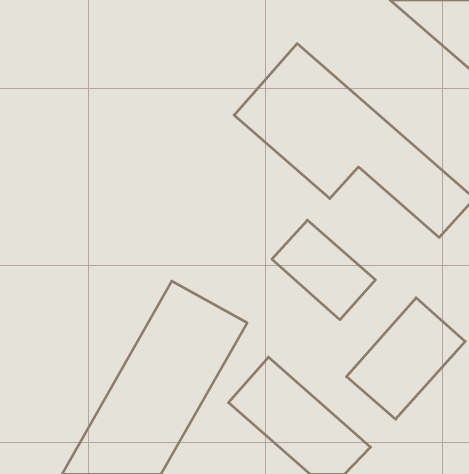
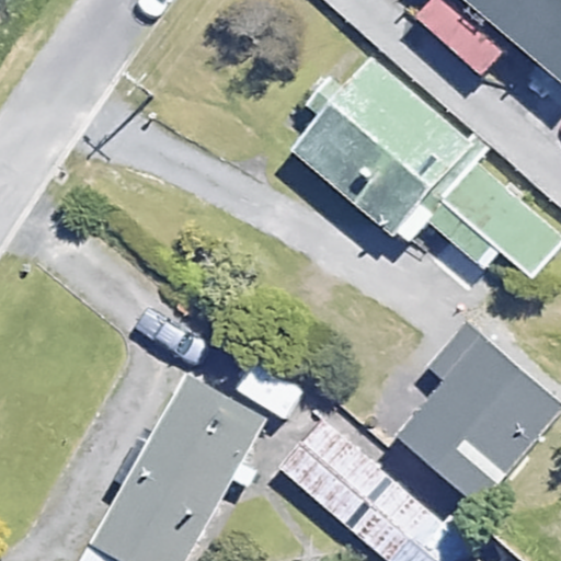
building: [272,220,375,320] -> none

